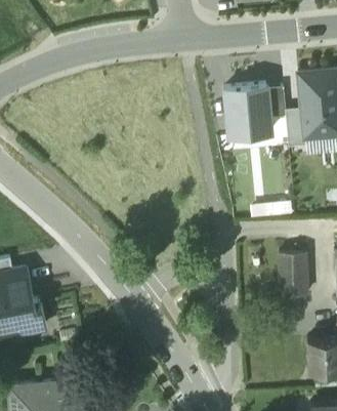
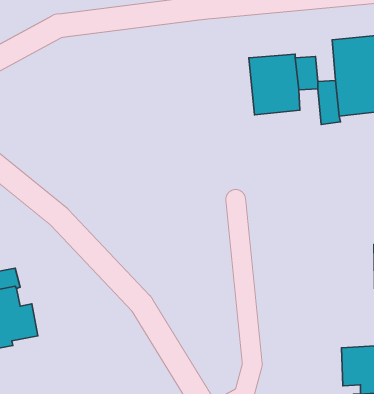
building: [279,249,306,293] -> none

